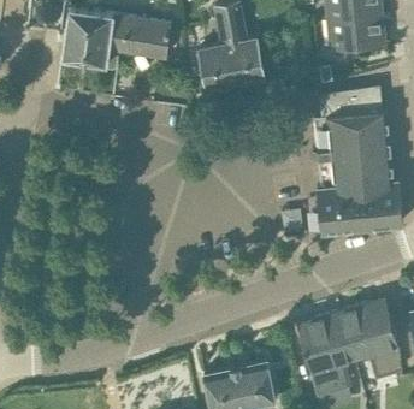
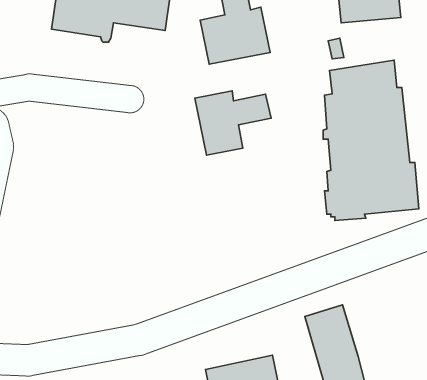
building: none -> [195,91,271,155]
building: [331,298,401,378] -> none

